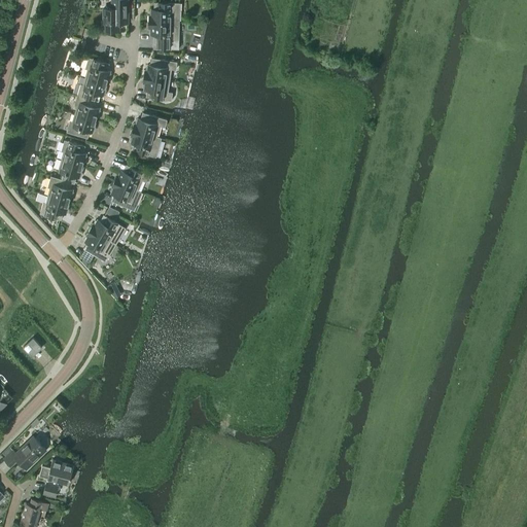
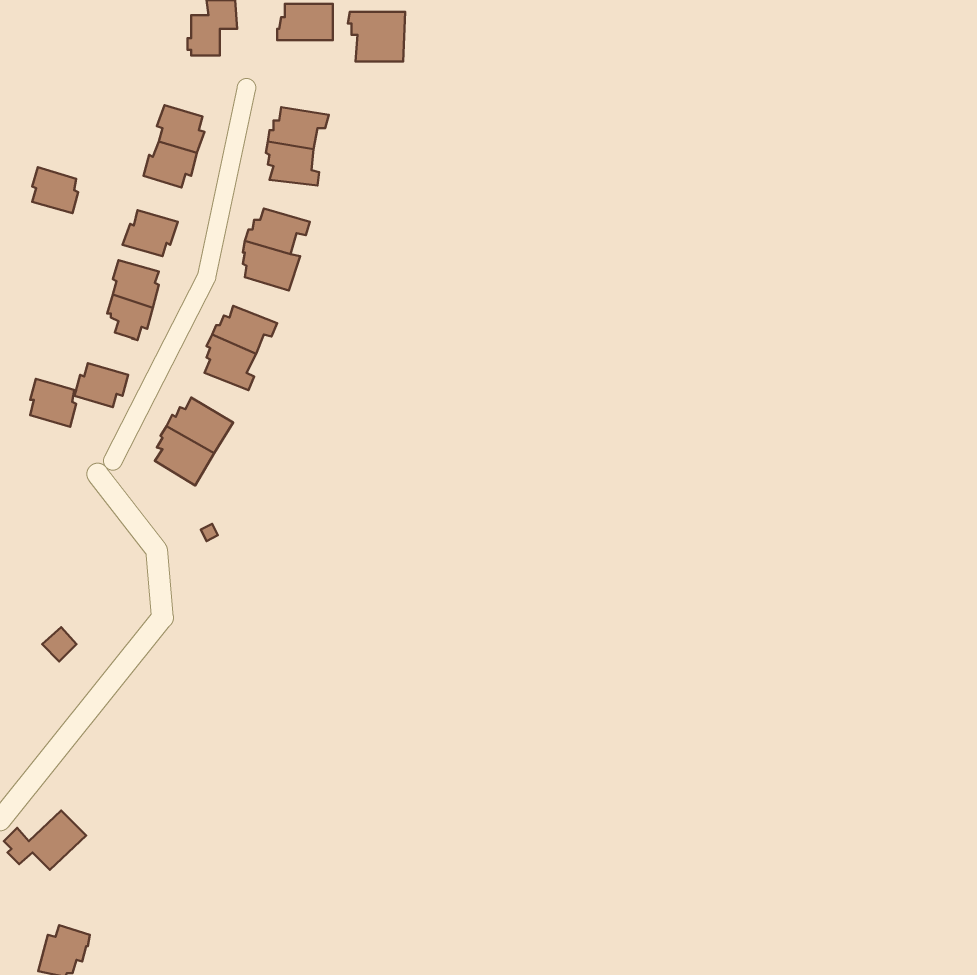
building: [148,23,179,49] -> [348,12,405,62]
building: [74,96,99,120] -> [32,167,78,213]
building: [47,177,72,203] -> [30,379,76,427]
building: [39,460,74,497] -> none

